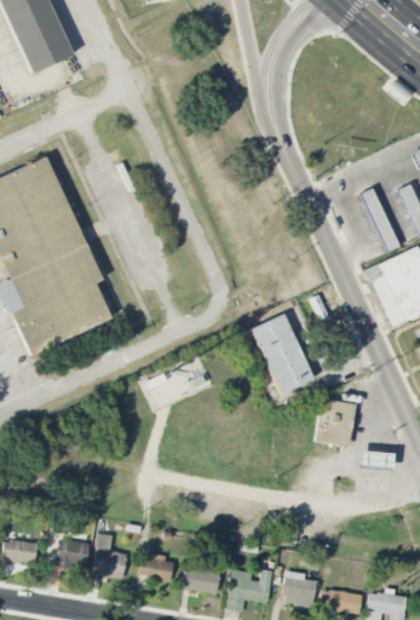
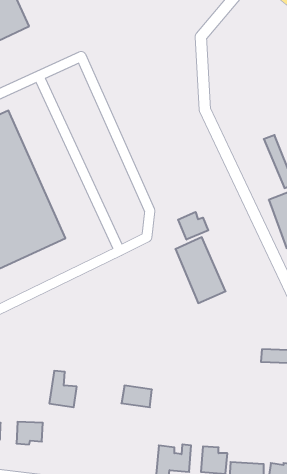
building: none -> [178,212,208,240]
building: [316,400,355,446] -> none
building: [92,534,126,579] -> [49,371,77,407]
building: [139,556,173,580] -> none
building: [182,568,219,595] -> [121,386,152,407]

